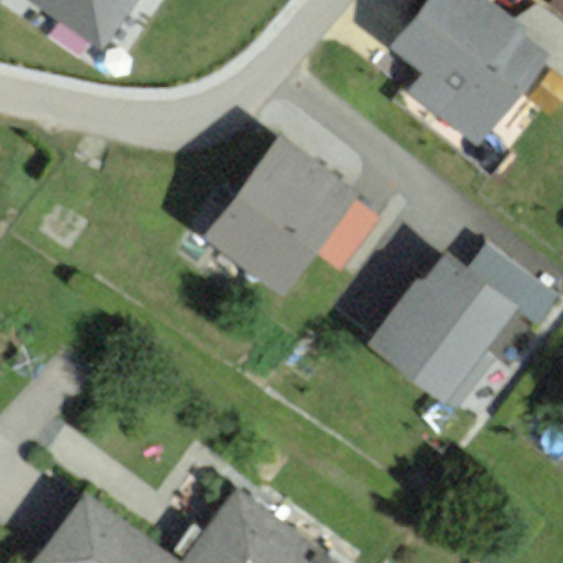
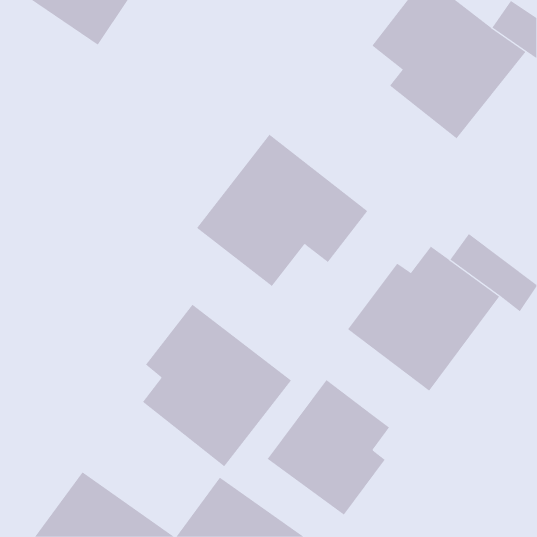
building: none -> [142,304,292,467]
building: none -> [267,379,390,515]

